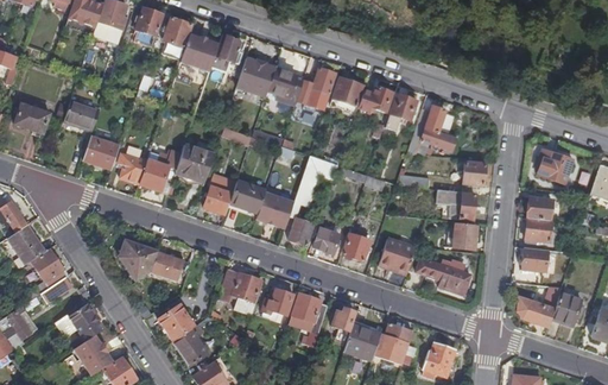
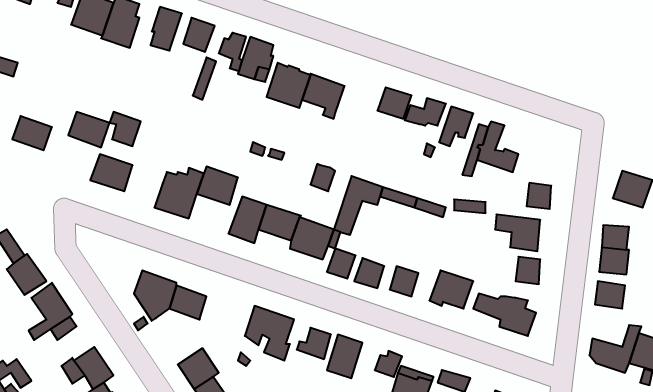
building: [296,69,335,109] -> none
building: [119,153,146,183] -> [109,112,141,146]

